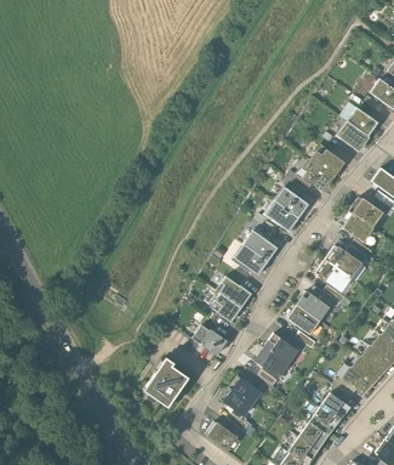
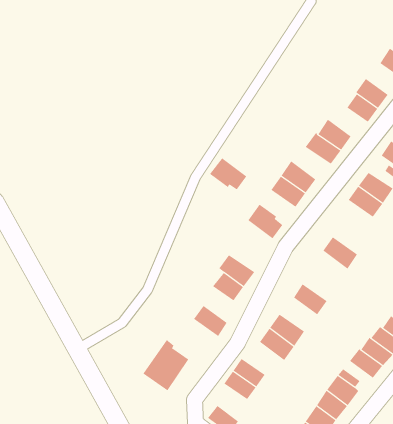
building: [232,243,268,274] -> [209,157,247,190]
building: [325,244,360,276] -> none
building: [296,289,333,322] -> none

